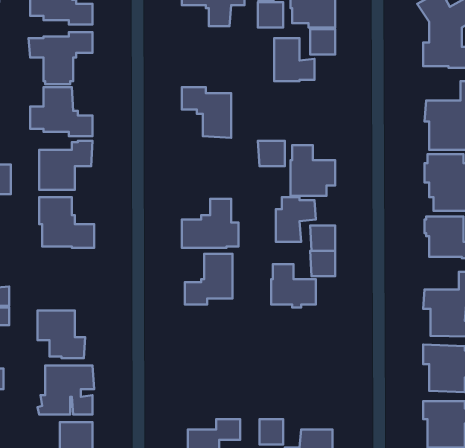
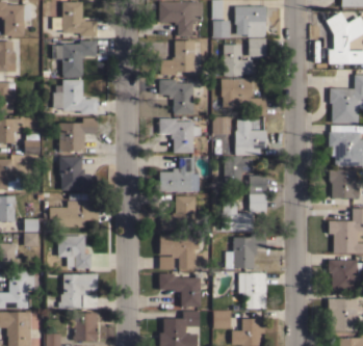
building: none -> [160,41,203,76]
building: none -> [221,78,266,115]
building: none -> [159,118,201,155]
building: none -> [49,201,98,227]
building: none -> [225,233,266,268]
building: none -> [159,235,199,269]
building: none -> [238,272,266,309]
building: none -> [158,273,200,307]

